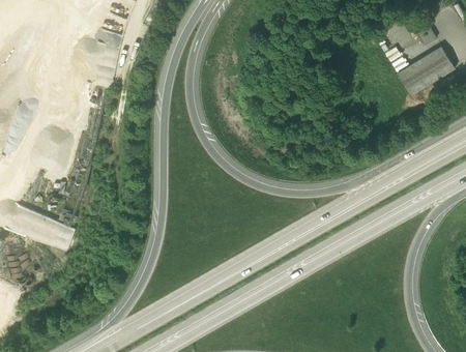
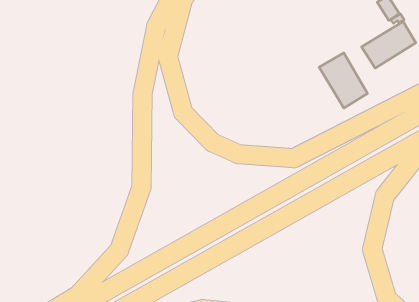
building: none -> [319,53,368,108]

